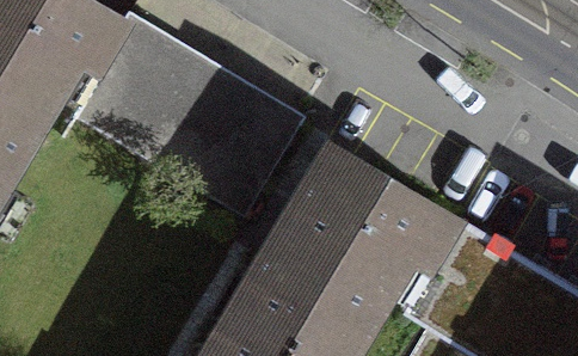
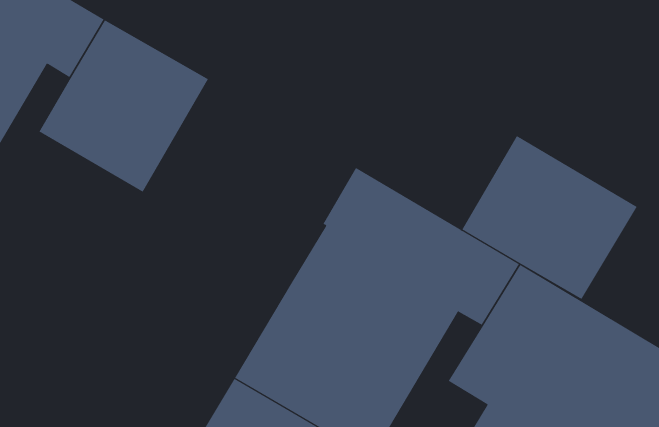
building: [160,72,299,213] -> none
building: none -> [461,135,637,300]

